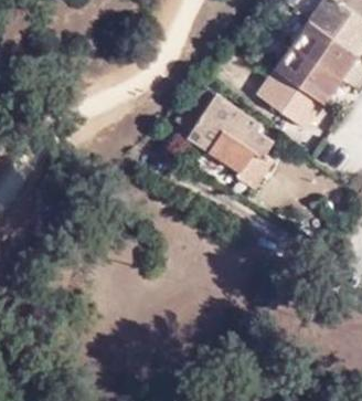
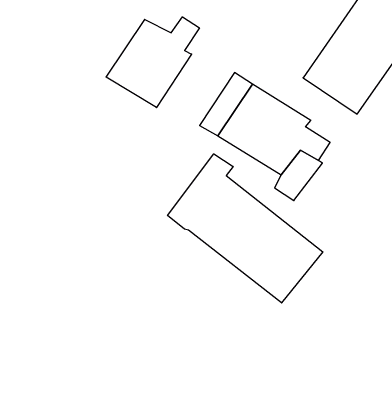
building: none -> [106,17,199,108]
building: none -> [168,154,323,303]

